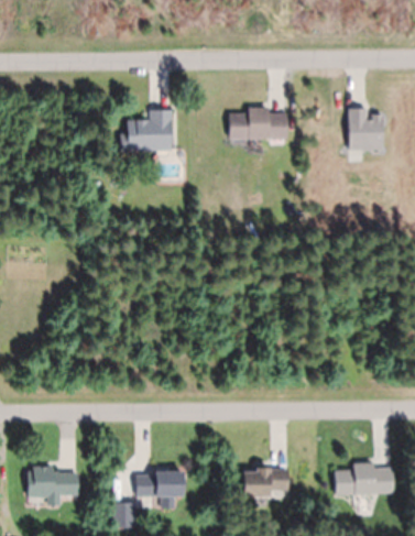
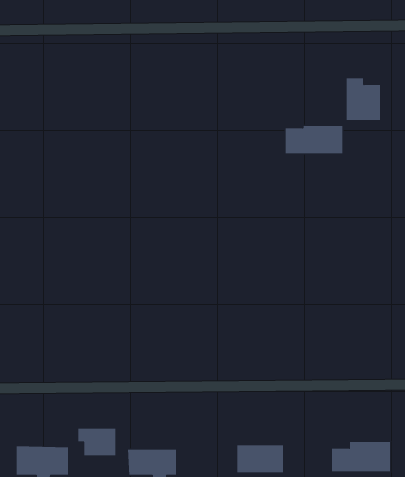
building: [127,110,172,151] -> none
building: [229,110,286,138] -> [285,126,343,154]
building: none -> [78,428,116,456]

